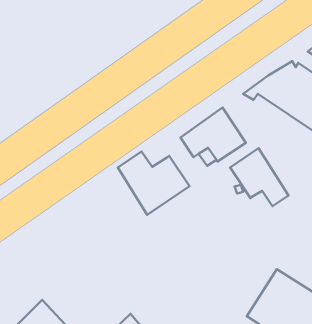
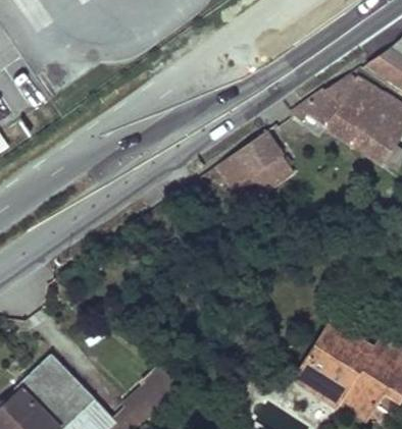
building: [230,148,288,206] -> none
building: [118,151,189,215] -> none

